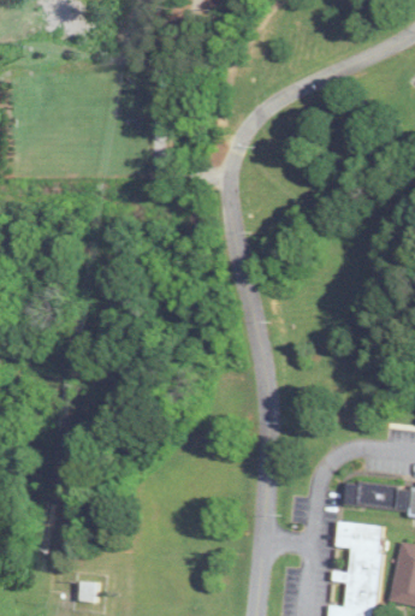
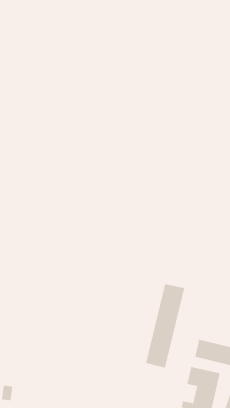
building: none -> [146,284,185,369]

